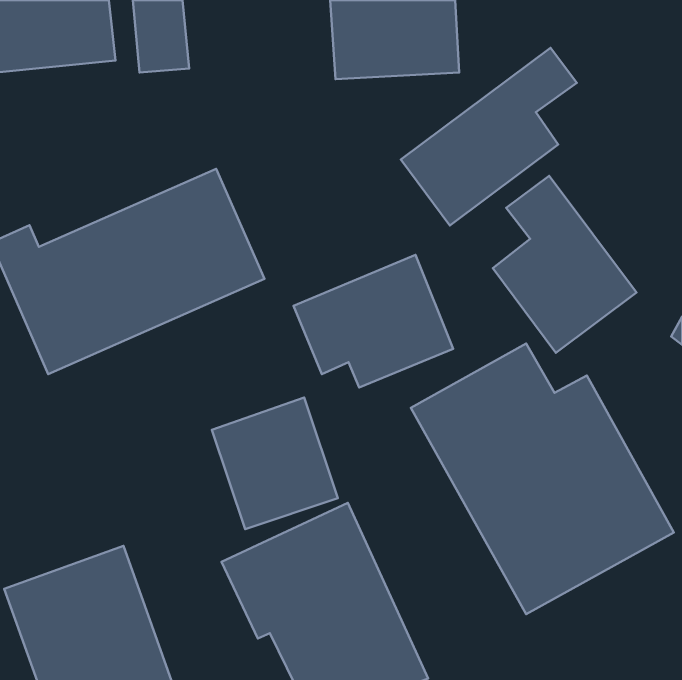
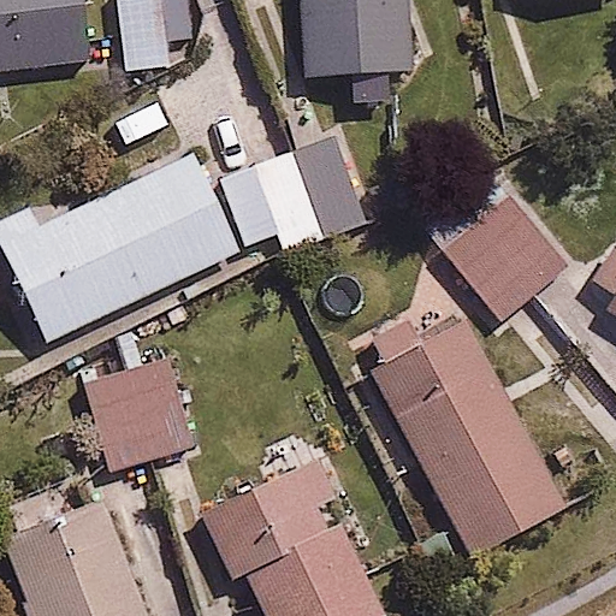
building: [401,48,577,225] -> none
building: [293,255,453,388] -> [224,136,367,255]
building: [212,398,338,529] -> [79,357,192,475]

